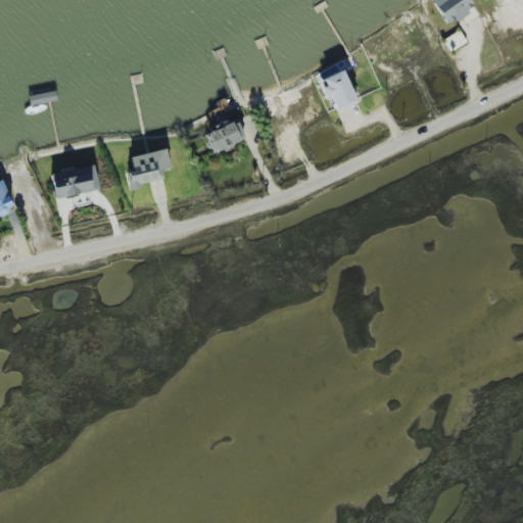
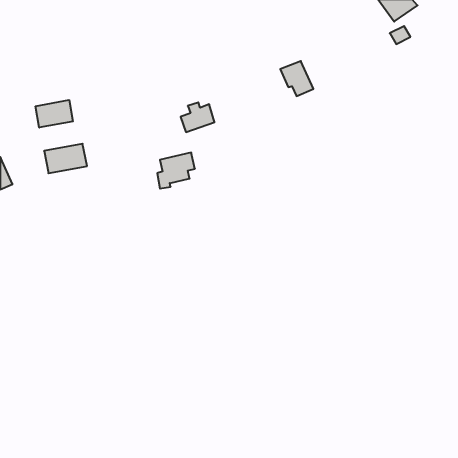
building: none -> [36,100,73,128]
building: [128,148,171,189] -> [157,153,195,189]

